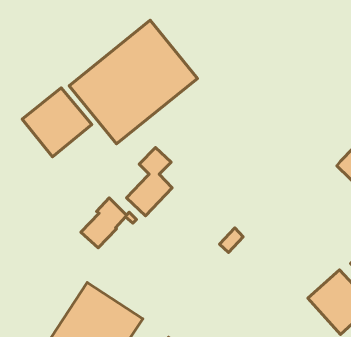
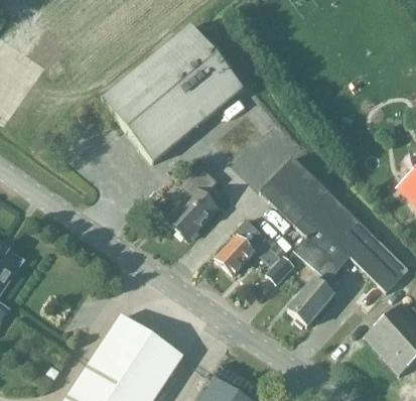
building: [22,88,92,157] -> none
building: none -> [260,157,407,326]
building: [81,198,136,248] -> [214,219,275,274]

